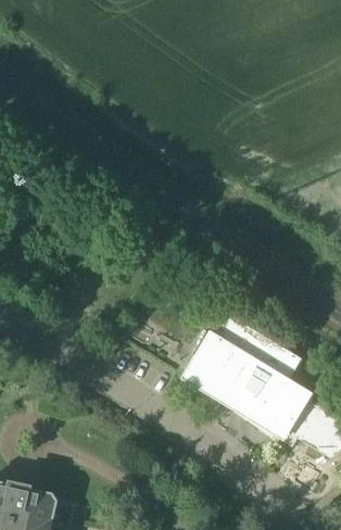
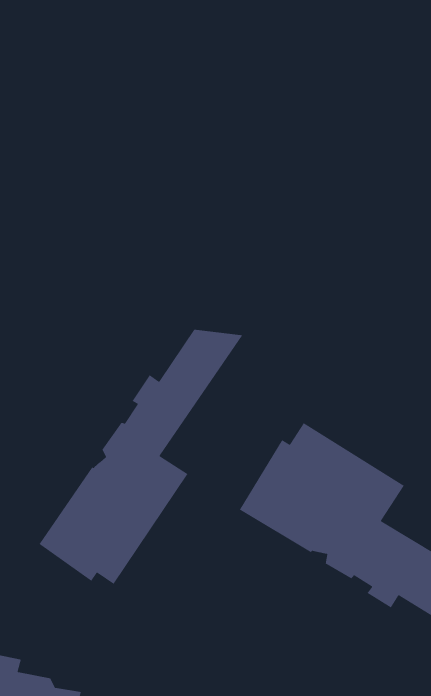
building: none -> [38,329,244,585]

